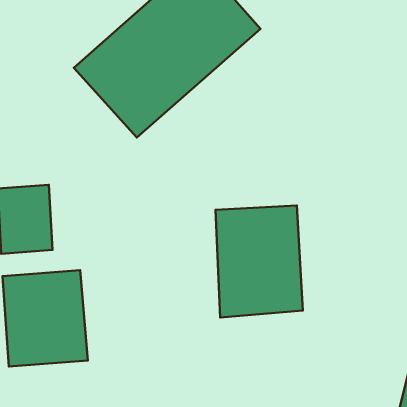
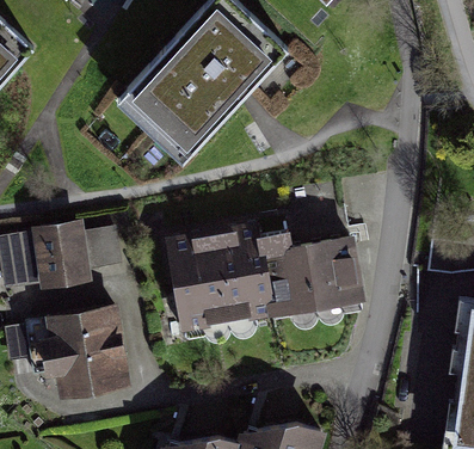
building: none -> [156,223,277,340]

